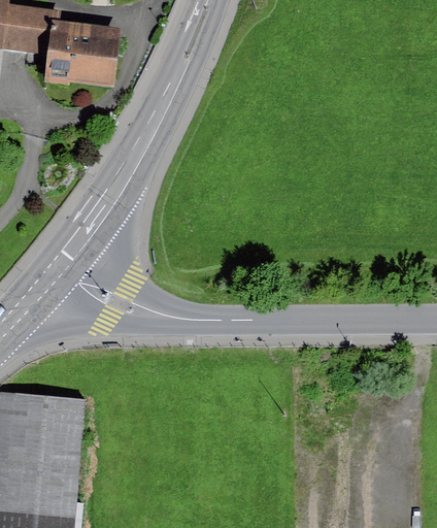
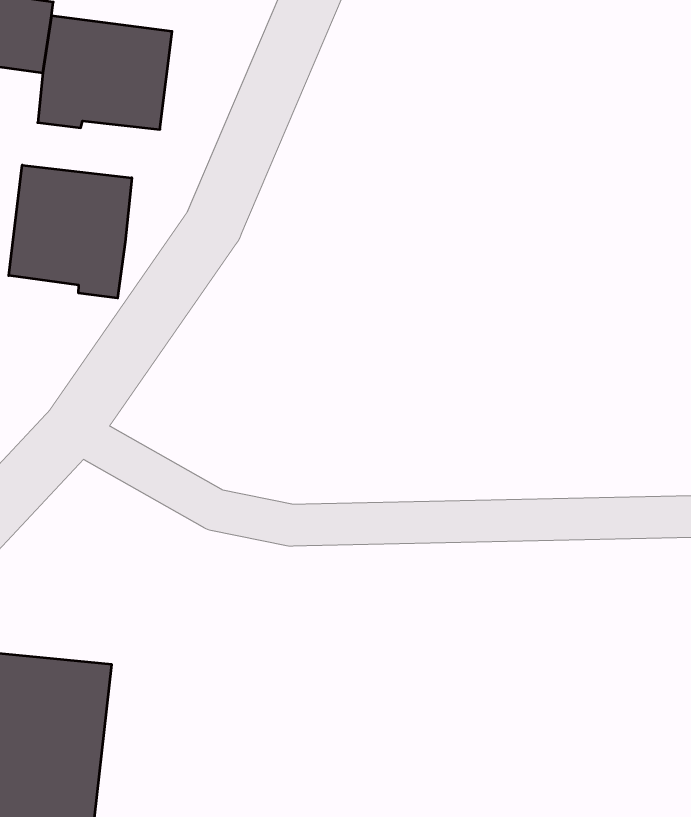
building: none -> [9,165,132,298]

